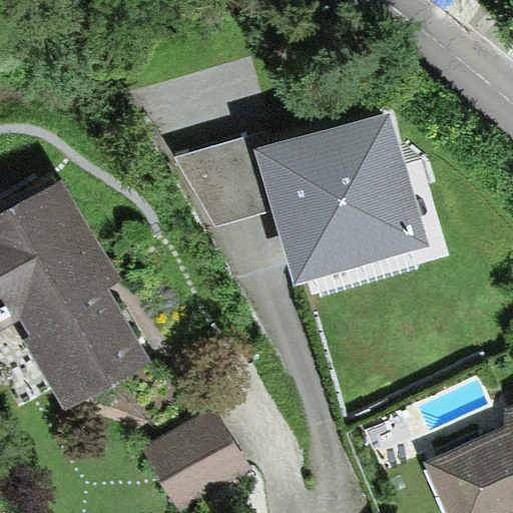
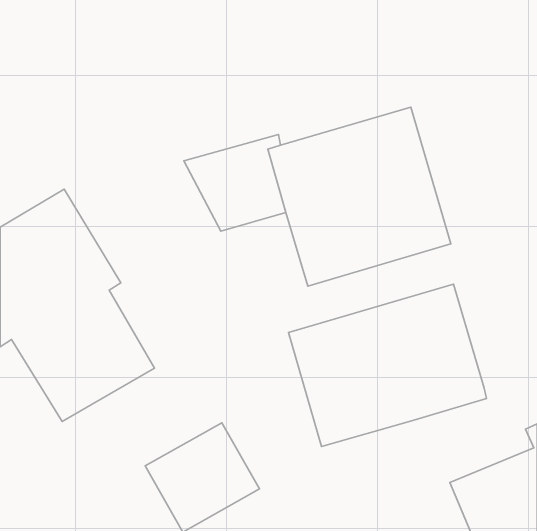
building: none -> [288,284,486,447]

